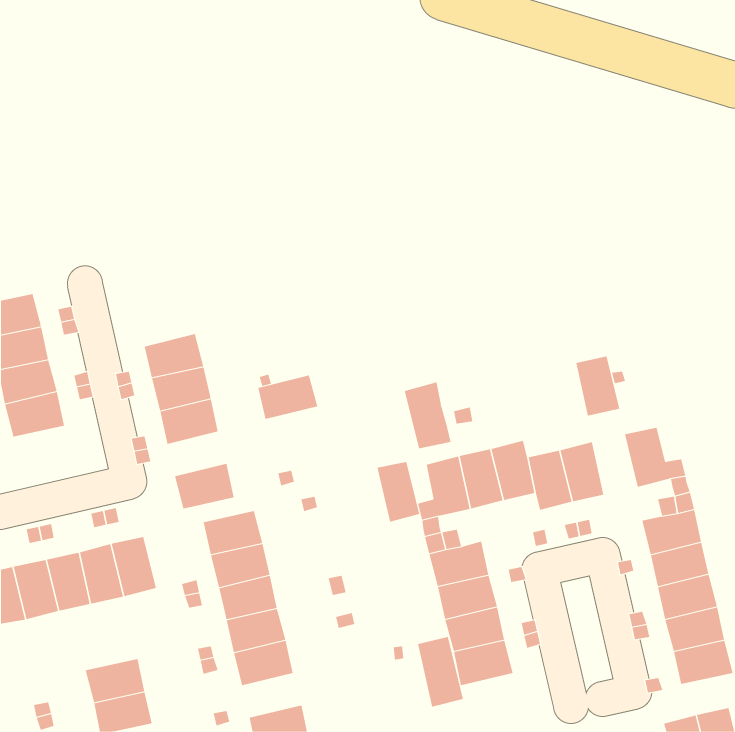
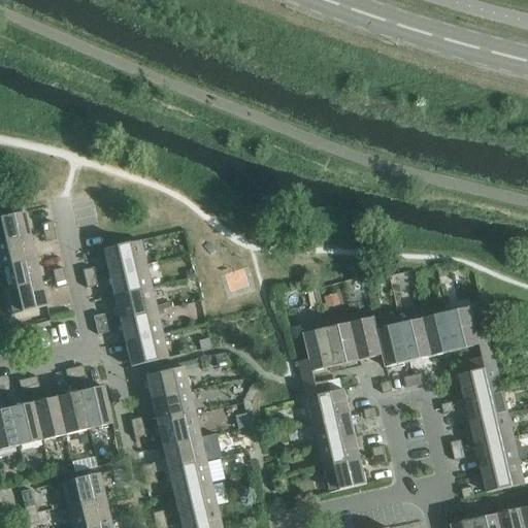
building: [576,356,620,416] -> [425,311,457,355]
building: [258,375,318,420] -> [120,309,163,341]
building: [404,382,451,449] -> none
building: [377,461,420,522] -> none
building: [418,636,464,708] -> none
building: none -> [173,483,217,515]

